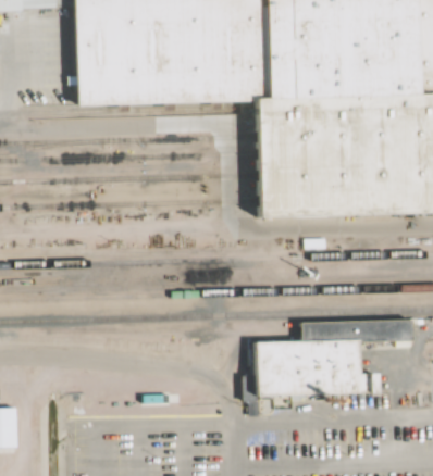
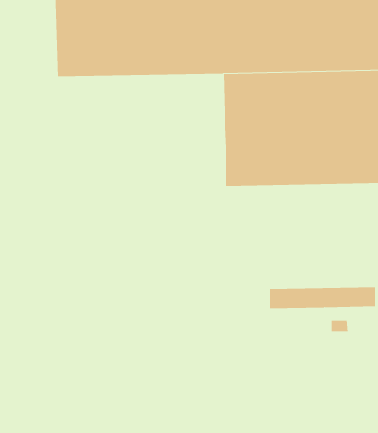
building: [260,342,374,397] -> none

